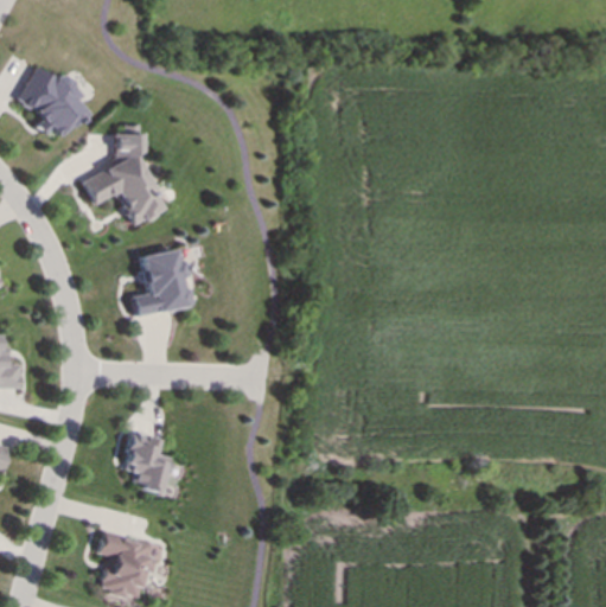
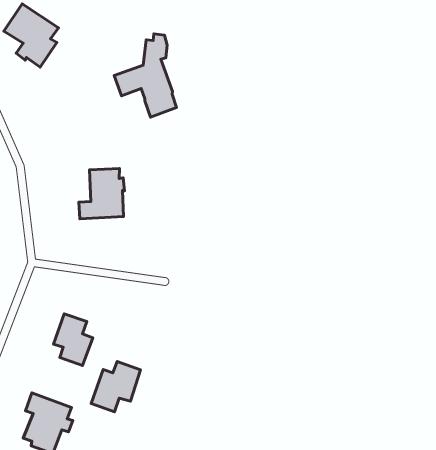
building: [83,124,162,225] -> [114,34,176,117]
building: none -> [91,361,141,412]

